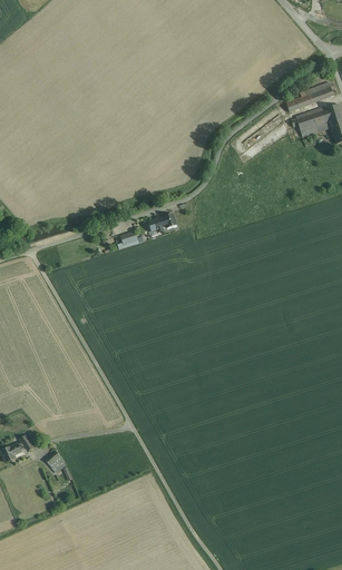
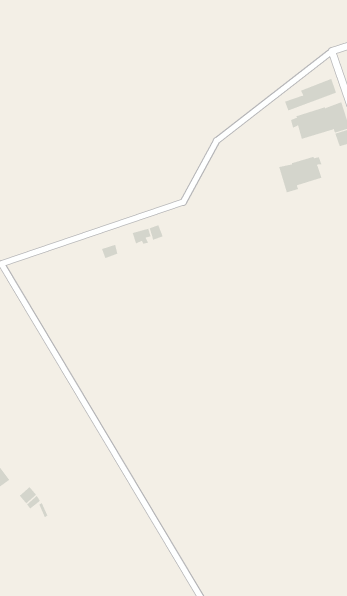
building: none -> [278,156,322,193]

